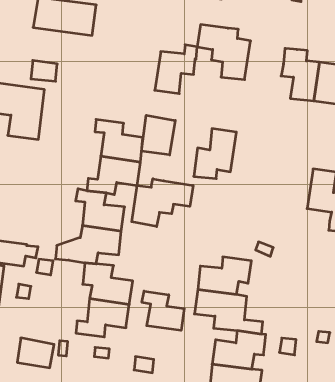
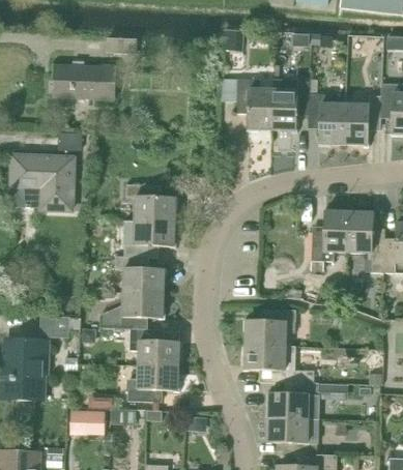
building: [155,45,197,94] -> [271,80,310,129]
building: [141,115,175,155] -> none
building: [194,129,236,179] -> [311,210,349,260]
building: [132,179,193,227] -> none
building: [142,291,184,330] -> none

